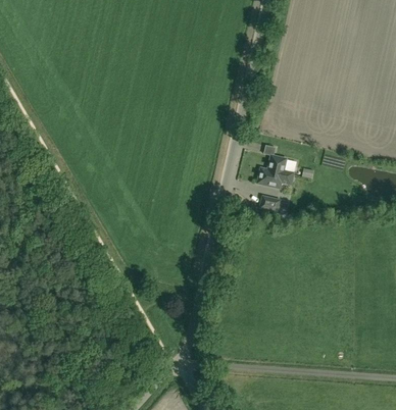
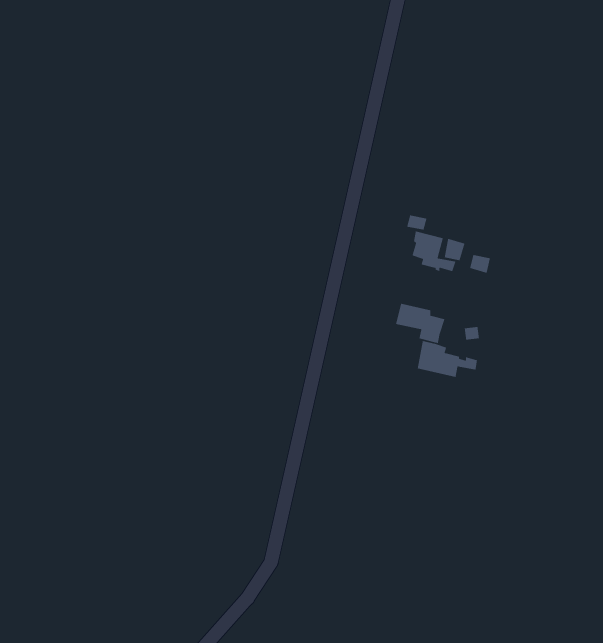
building: [258,166,293,188] -> [417,340,478,378]

